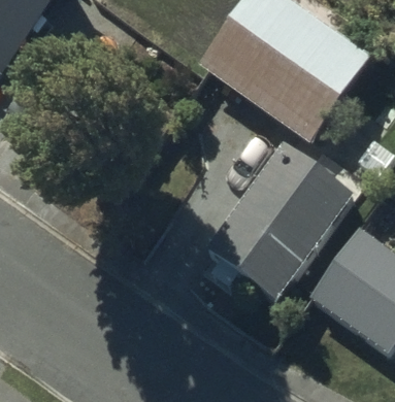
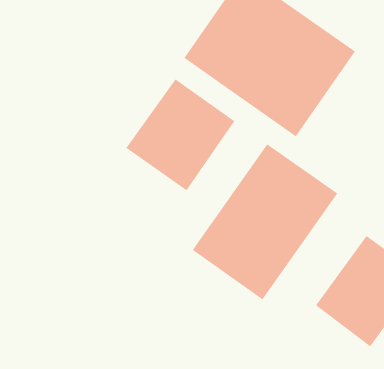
building: none -> [126,78,235,191]

